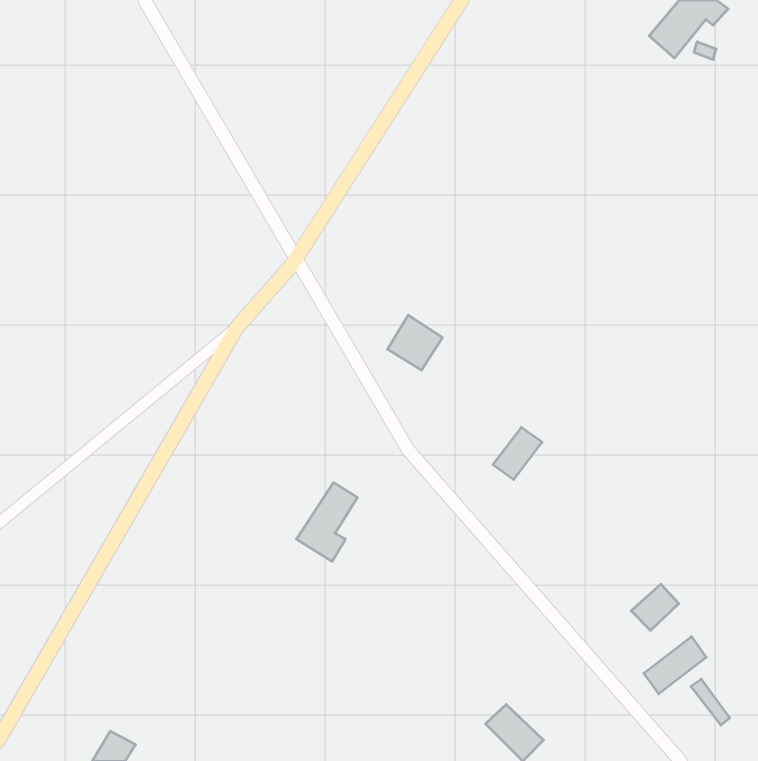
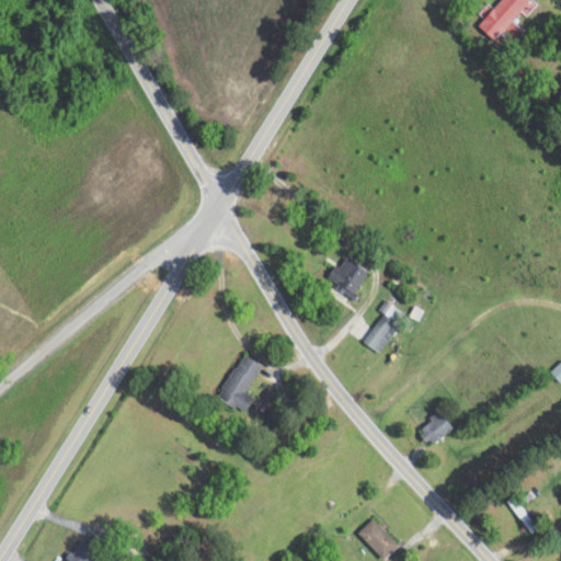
building: [387,315,442,370] -> [327,255,367,296]
building: [631,584,679,630] -> [419,412,454,446]
building: [644,637,706,694] -> none

